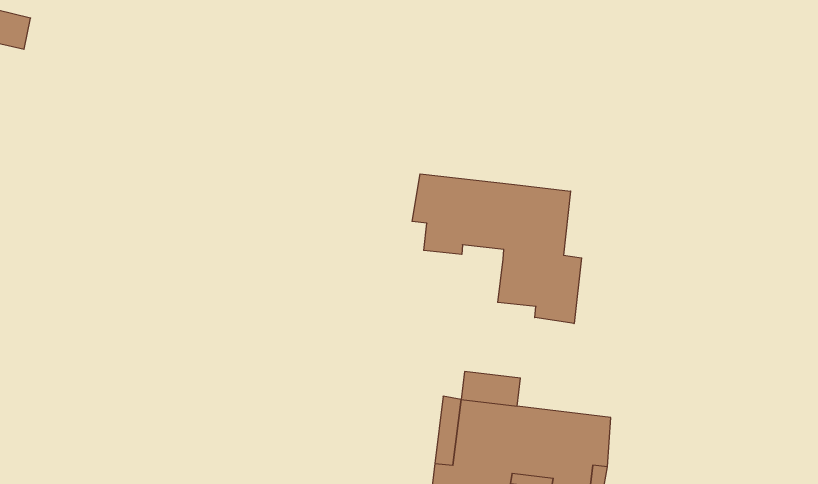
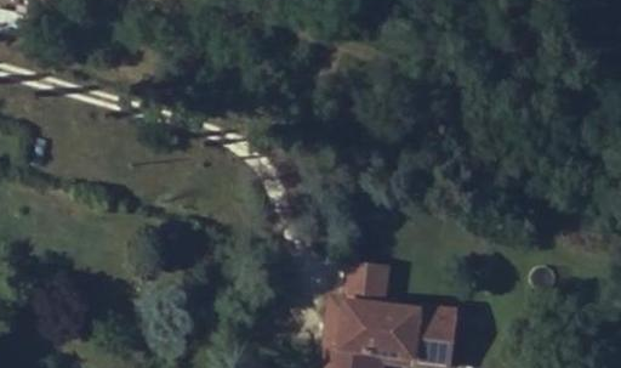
building: [412,174,582,324] -> none

